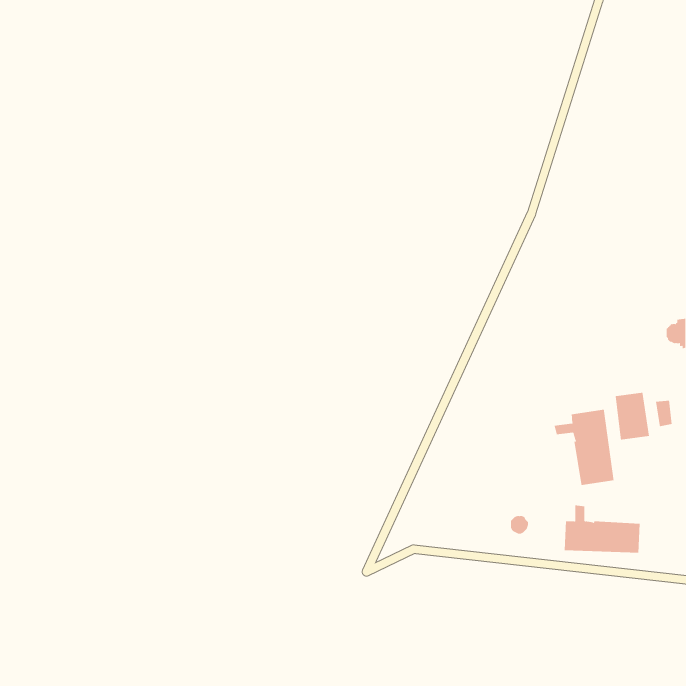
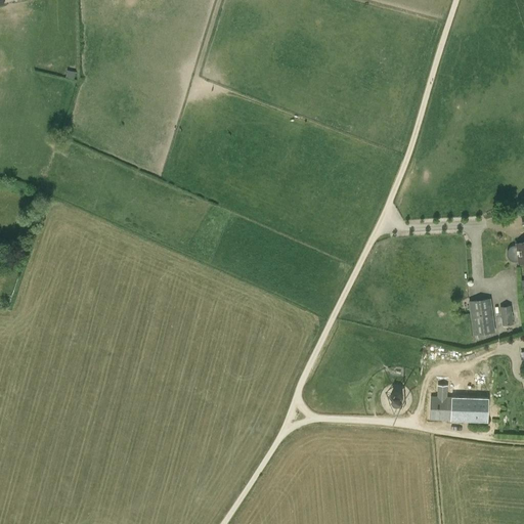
building: [554,409,614,486] -> none

